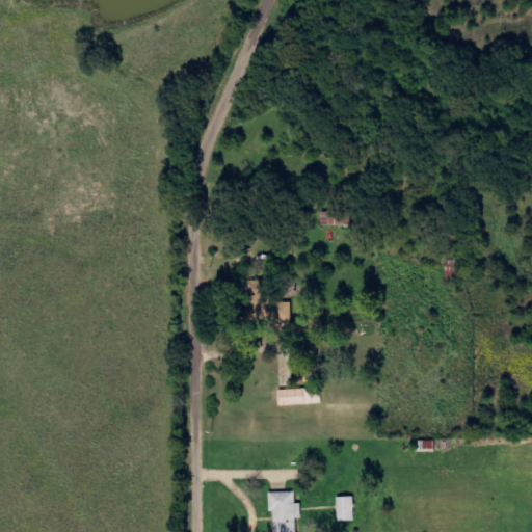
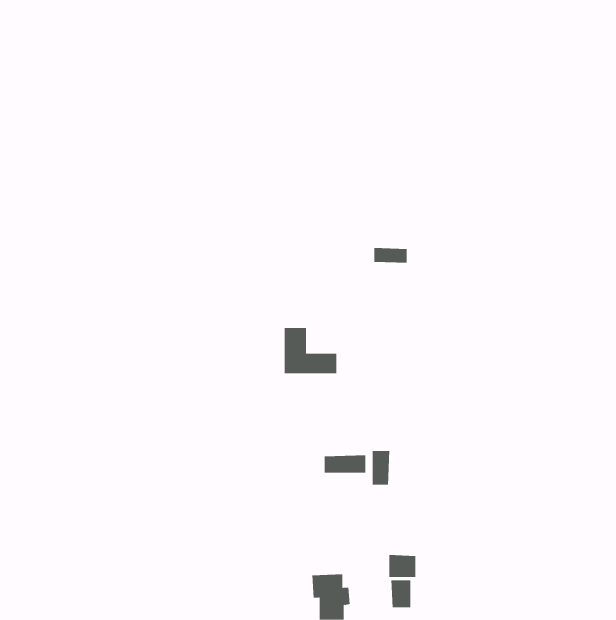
building: none -> [372,450,390,485]
building: none -> [389,554,416,578]

